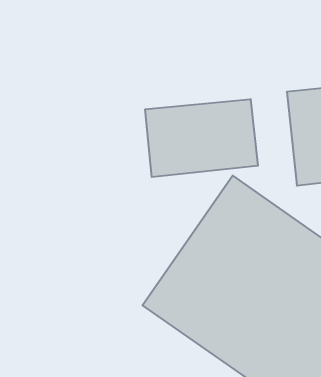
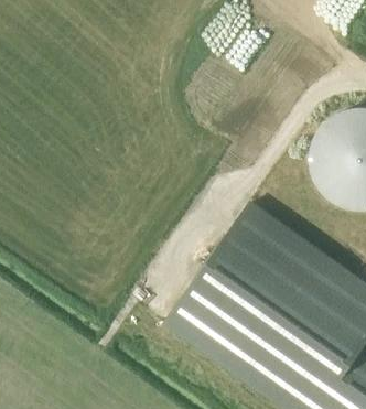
building: [145,99,258,177] -> none

